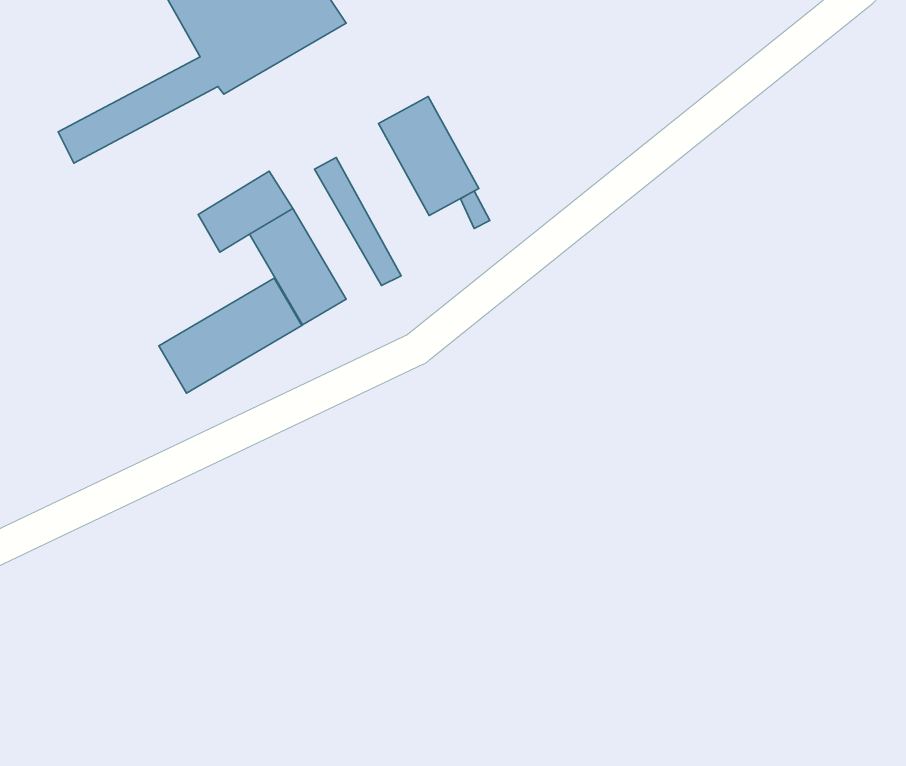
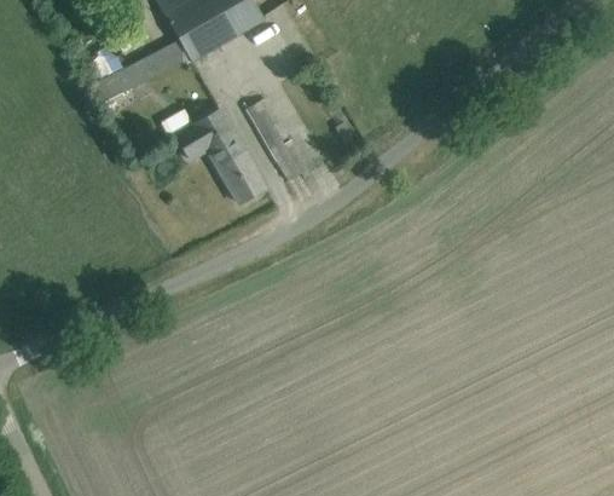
building: [378,96,479,216] -> none
building: [159,278,302,393] -> none

